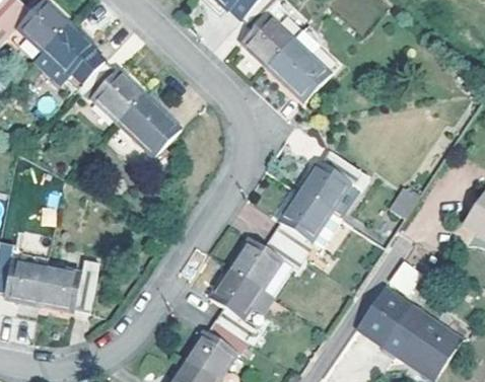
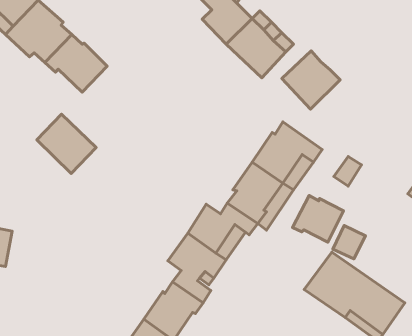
building: none -> [282,51,340,109]
building: [119,92,182,155] -> [37,114,96,174]
building: none -> [293,196,343,242]
building: [38,259,97,311] -> none

